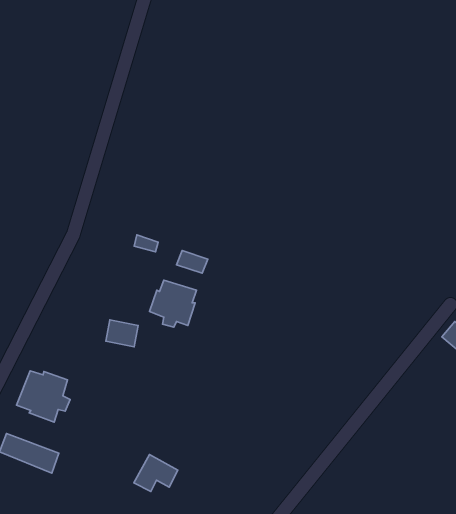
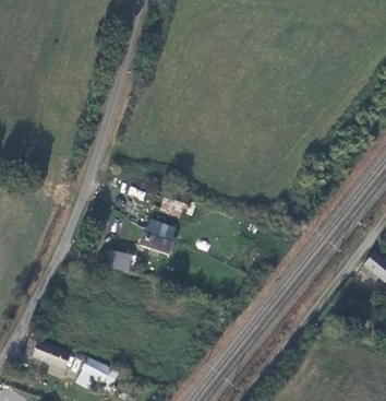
building: [17,371,70,422] -> none
building: [134,455,178,491] -> [76,357,110,386]

